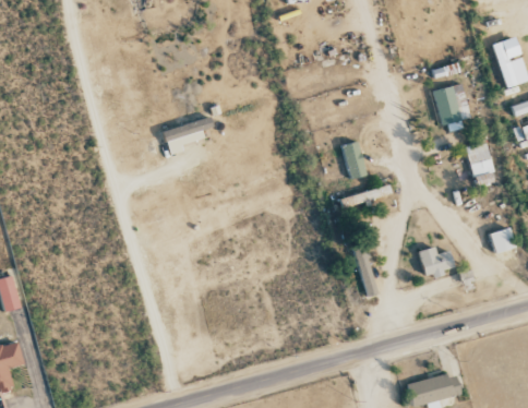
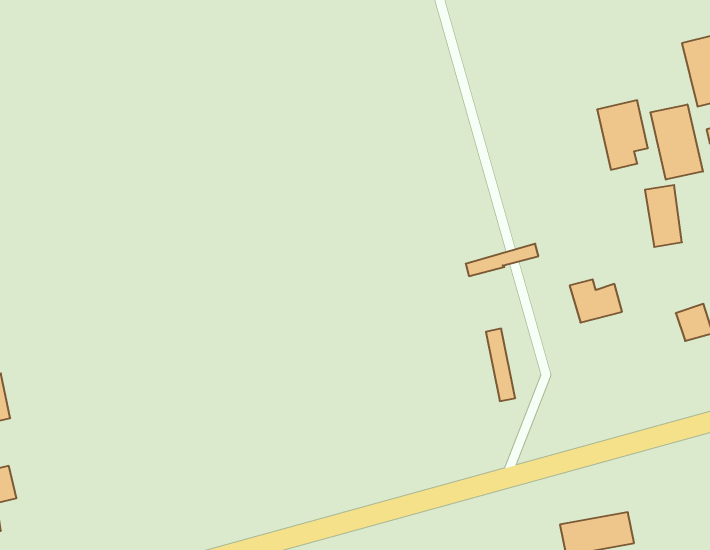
building: none -> [650,104,703,180]
building: [163,119,212,154] -> none
building: [341,141,367,179] -> none
building: [418,247,455,277] -> [570,279,622,323]

